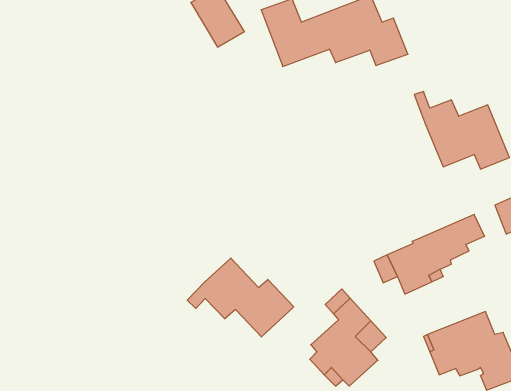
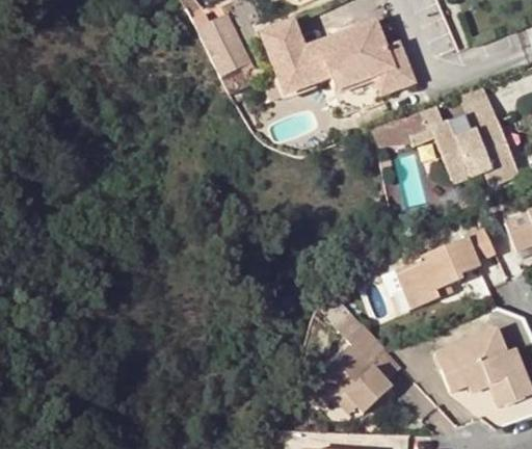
building: none -> [454,89,497,134]
building: none -> [375,112,434,150]
building: [187,258,294,337] -> none

